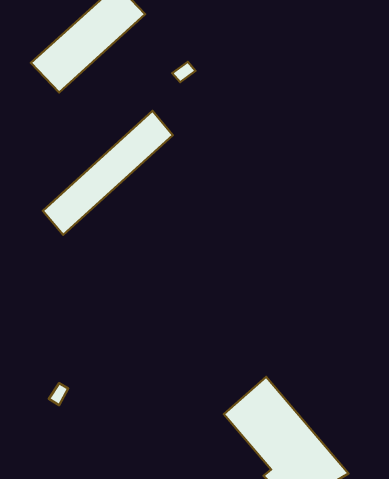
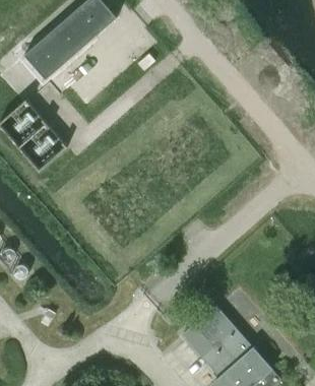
building: [43,111,173,235] -> none

